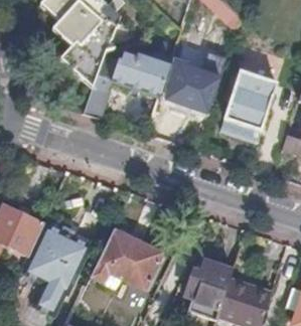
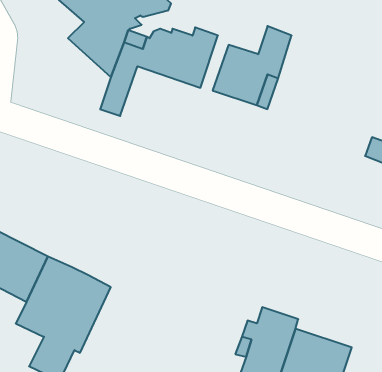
building: [223,69,277,130] -> none
building: [91,229,161,289] -> none

